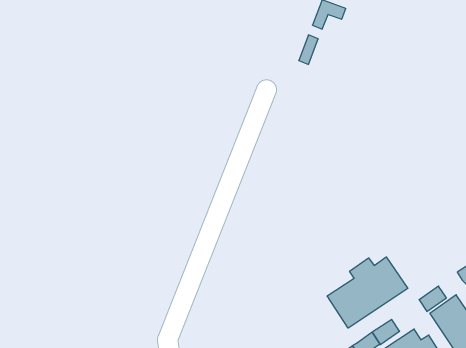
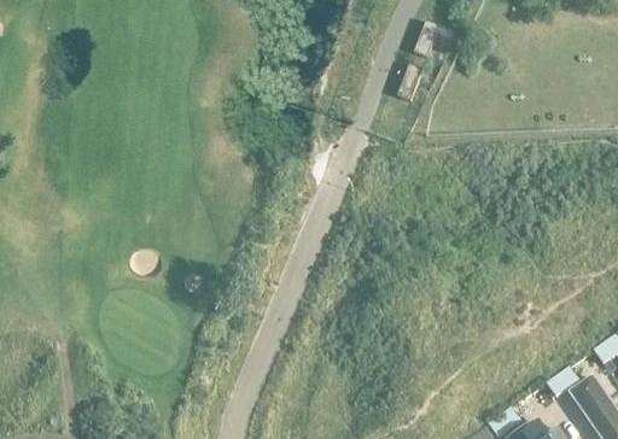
building: [327,257,408,328] -> none

